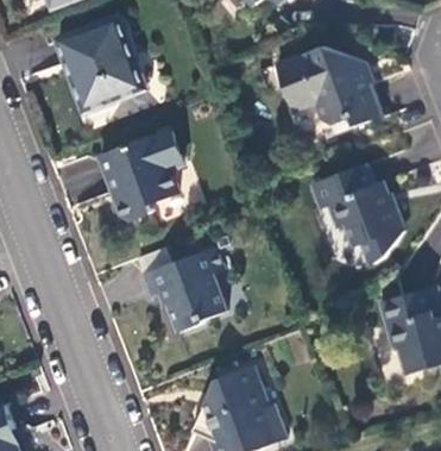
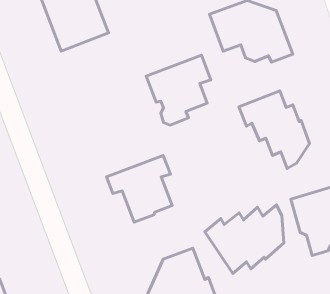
building: [99,130,182,220] -> [146,55,211,125]
building: none -> [205,205,284,273]

